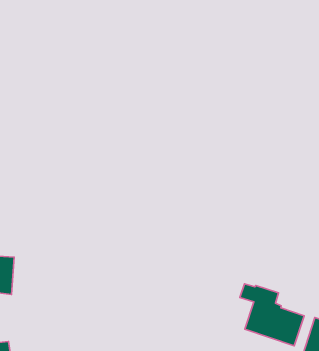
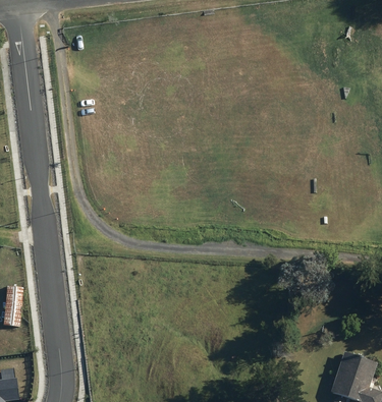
building: [240,284,304,346] -> none

